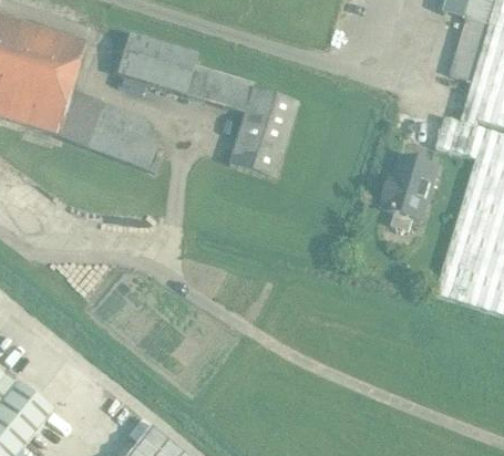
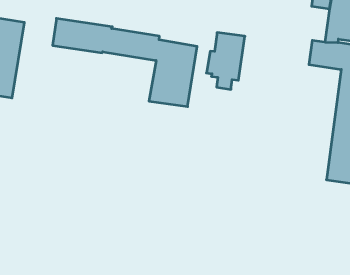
building: [381,155,436,229] -> [206,33,245,89]

